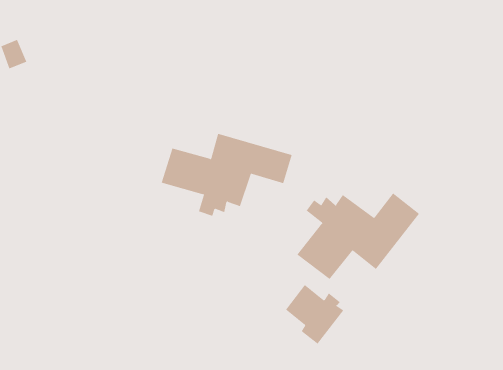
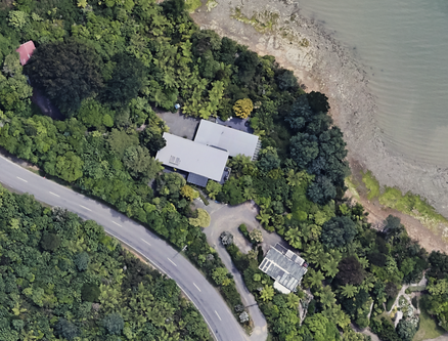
building: [296,192,420,280] -> none

